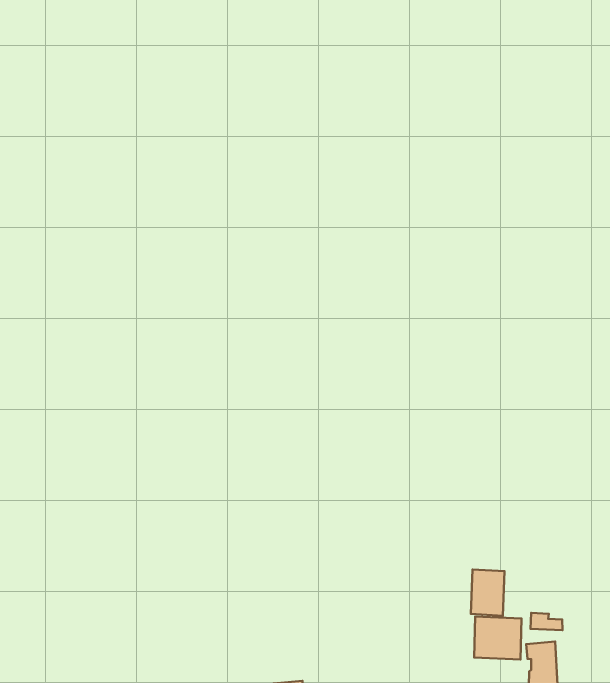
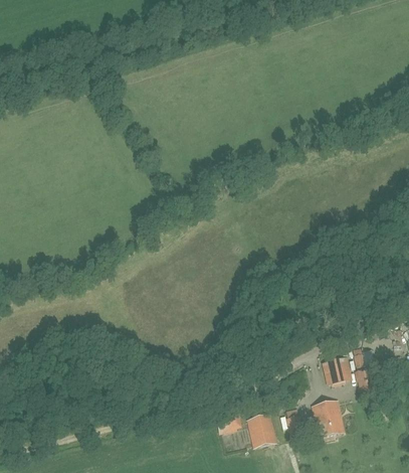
building: [471,569,505,616] -> none

